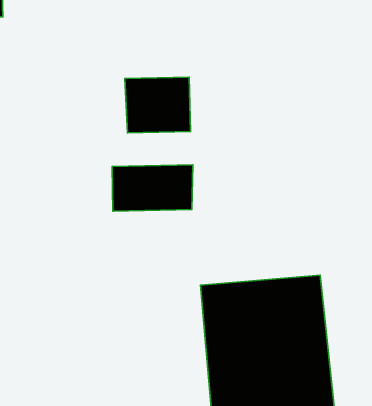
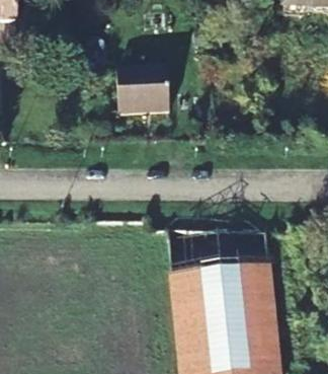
building: [112,165,193,211] -> none

